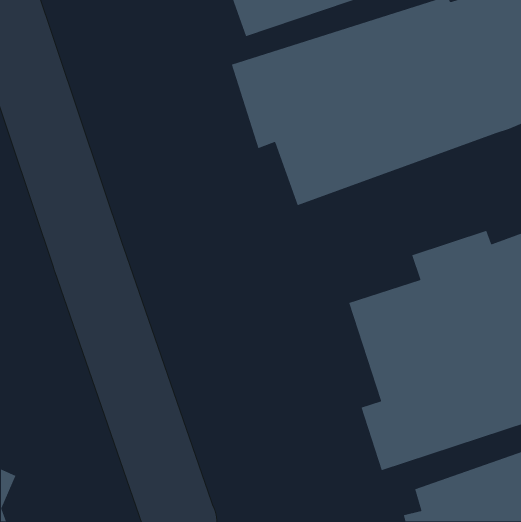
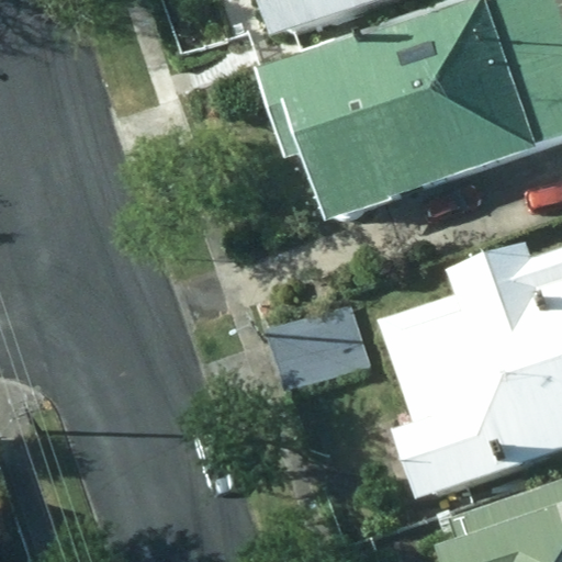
building: none -> [268,295,379,395]

